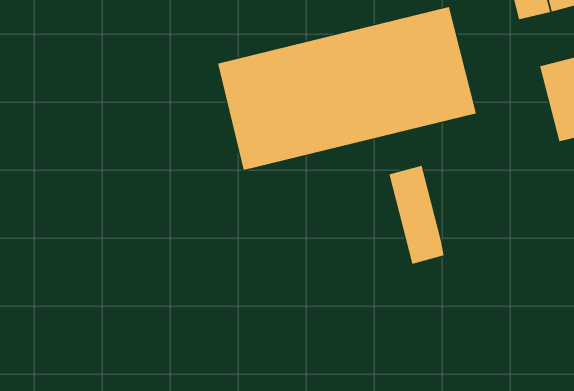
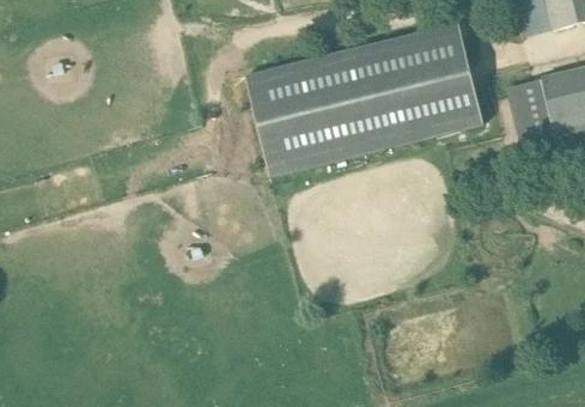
building: [389,165,444,265] -> [511,78,562,170]

